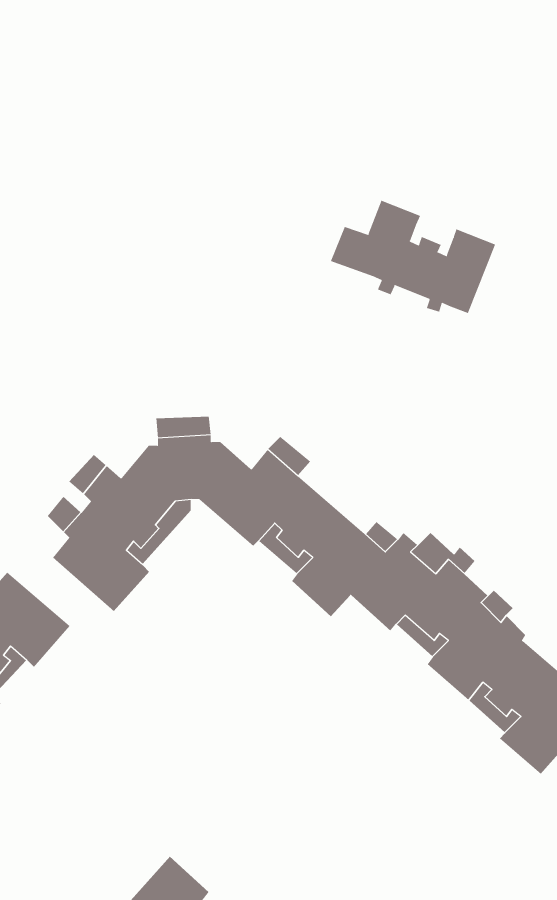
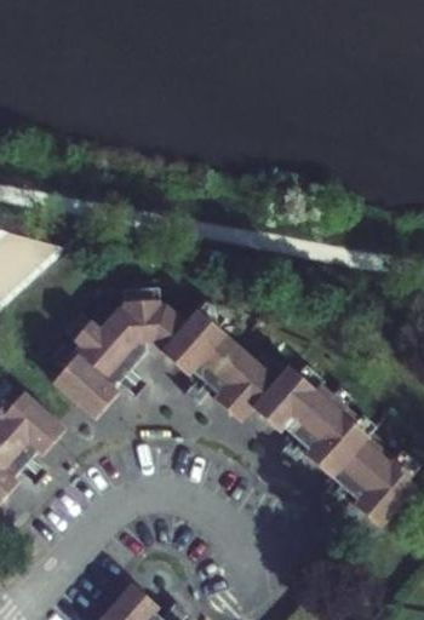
building: [330,200,496,314] -> none

